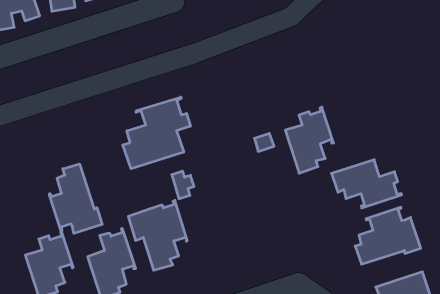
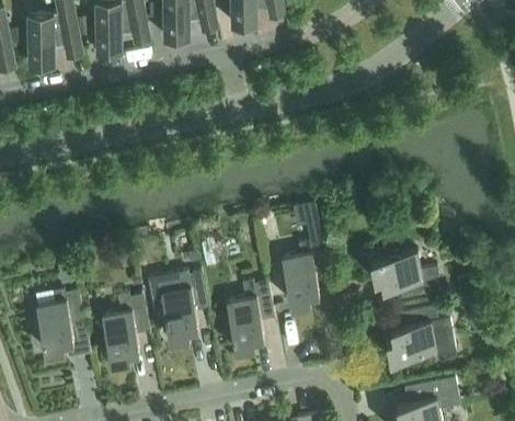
building: [123,97,190,169] -> none
building: [285,107,334,173] -> [281,239,330,306]
building: [49,164,102,233] -> none
building: none -> [226,278,274,350]

